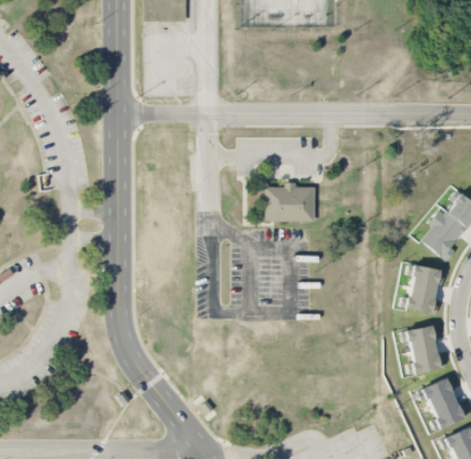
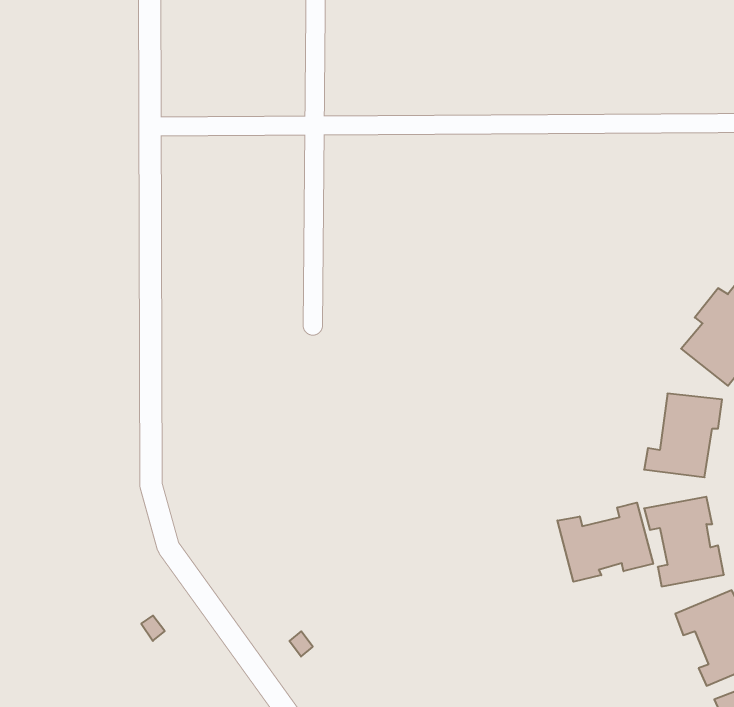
building: [266,186,316,222] -> none
building: none -> [557,503,653,582]

